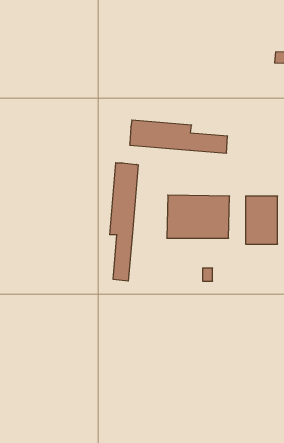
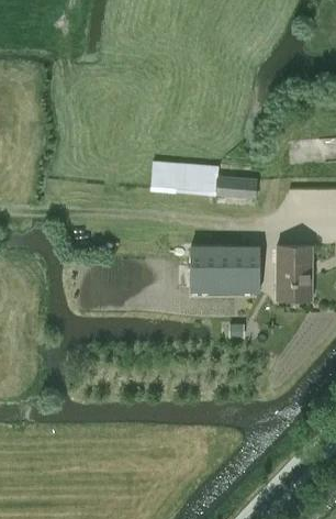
building: [110,163,138,281] -> none

